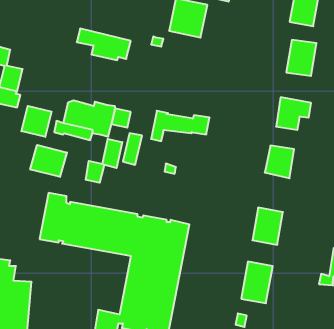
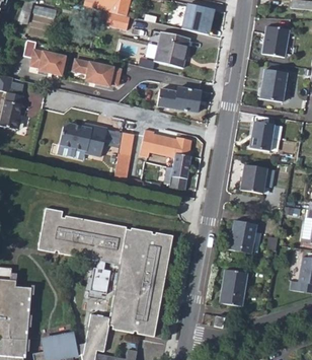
building: none -> [23,40,65,76]
building: none -> [157,87,201,112]
building: [21,106,52,137] -> none
building: none -> [165,152,191,190]
building: [86,139,122,183] -> none
building: [30,145,67,177] -> none

